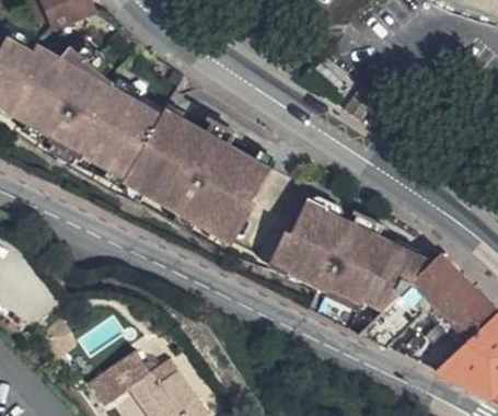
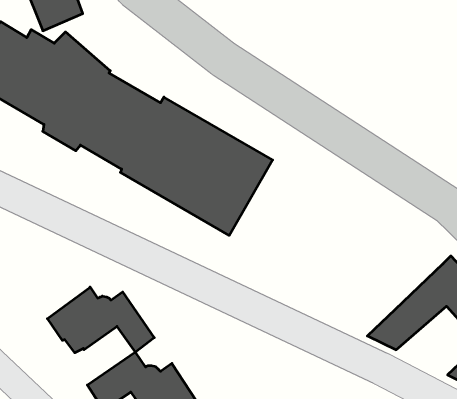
building: [277,199,432,313] -> none
building: none -> [47,287,154,353]

